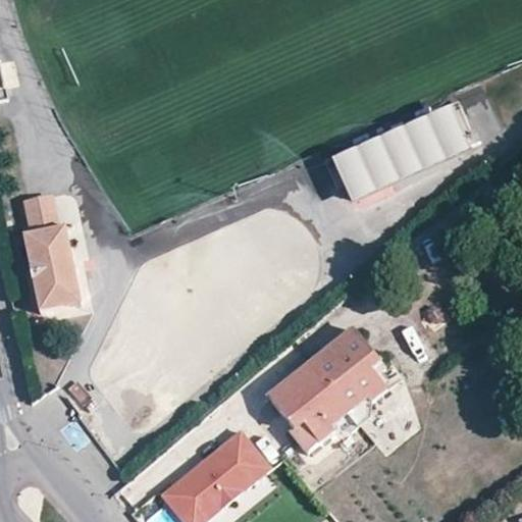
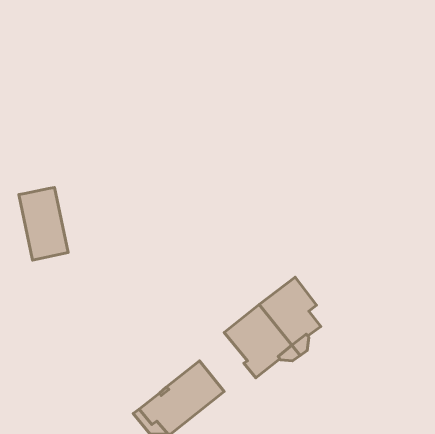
building: [333,101,471,197] -> none
building: [22,194,58,231] -> none

